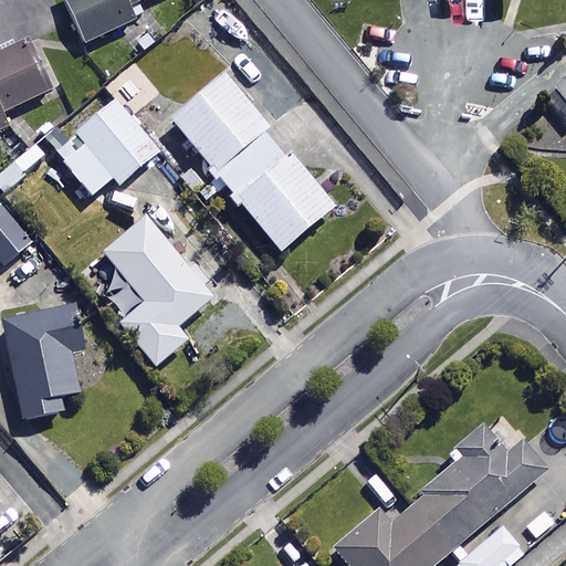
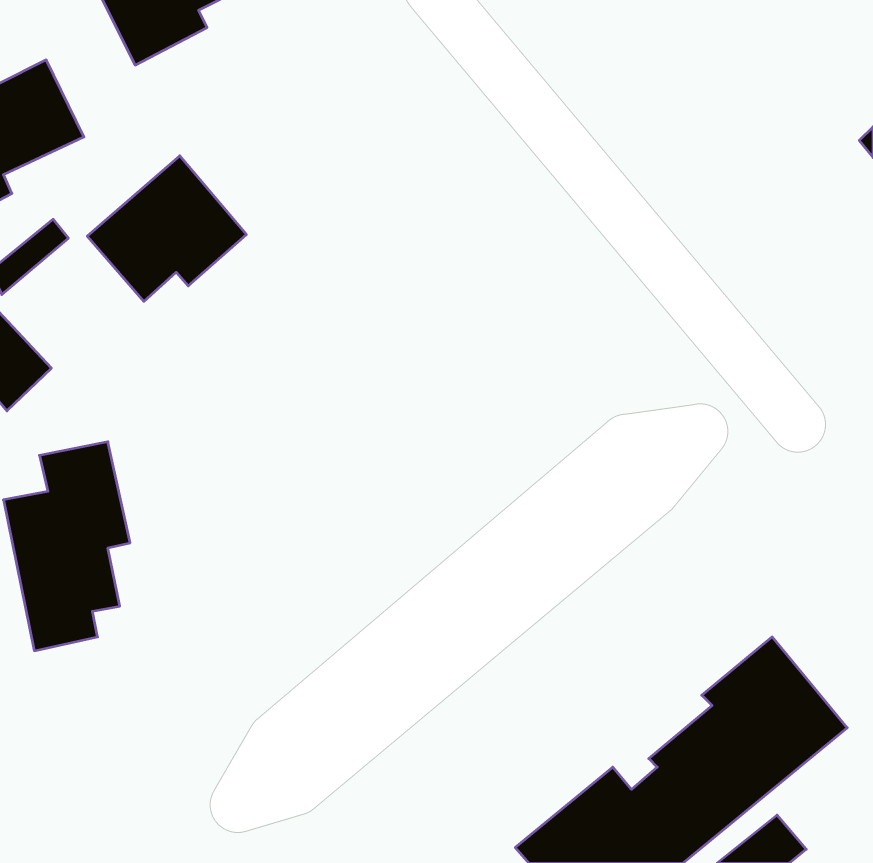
building: [171,74,335,252] -> none
building: [104,219,214,366] -> none

